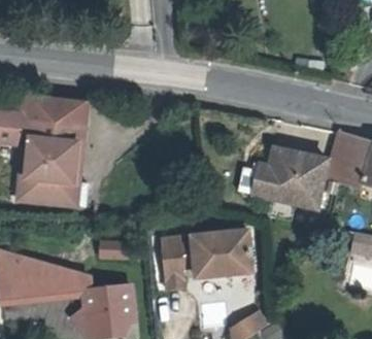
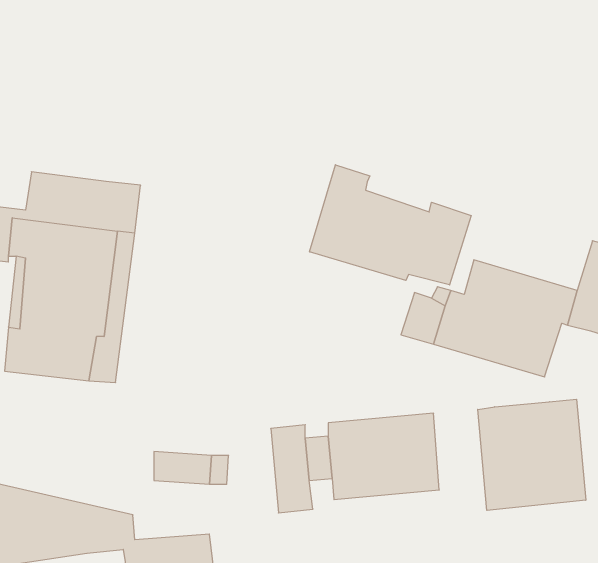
building: none -> [310,165,471,285]
building: none -> [478,399,586,510]

